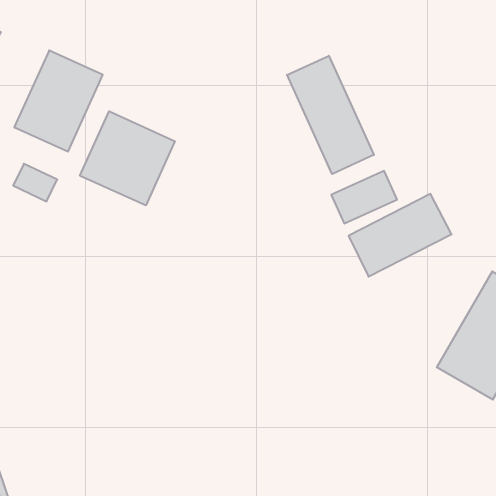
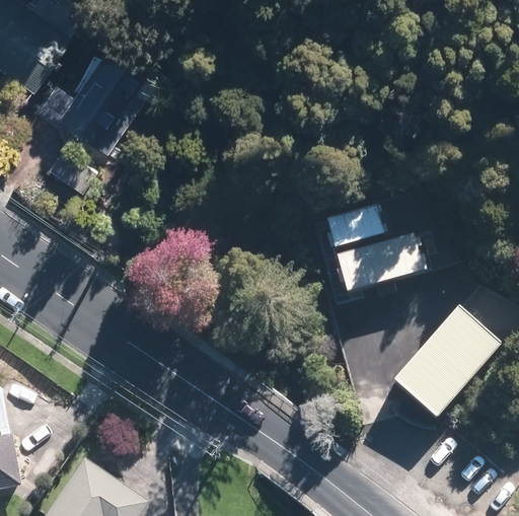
building: [287,56,374,174] -> none
building: [80,111,175,205] -> none

